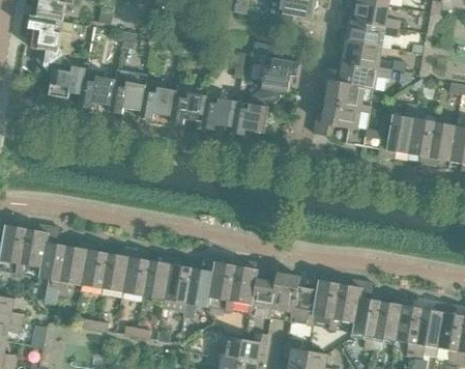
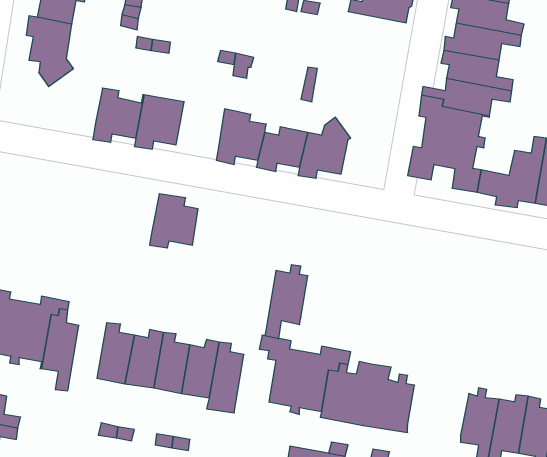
building: [259,45,301,106] -> none
building: [45,54,85,98] -> none
building: [139,79,175,119] -> [150,194,198,248]
building: [59,242,88,295] -> none
building: [182,263,214,318] -> [265,265,308,338]
building: [307,272,374,330] -> none

